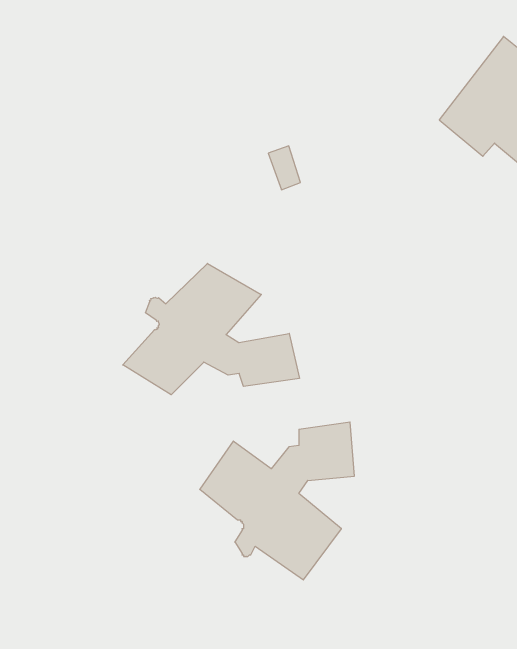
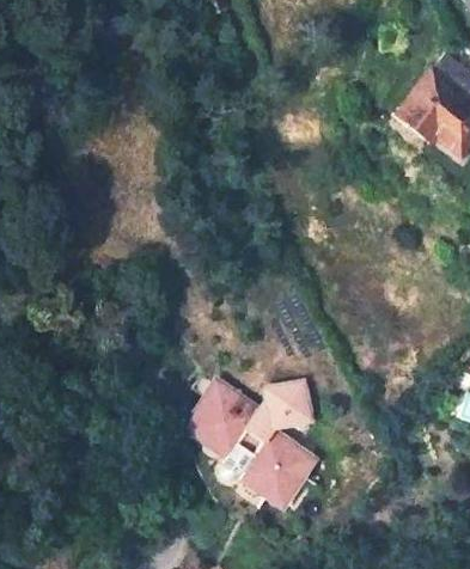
building: [123,263,299,395] -> none

